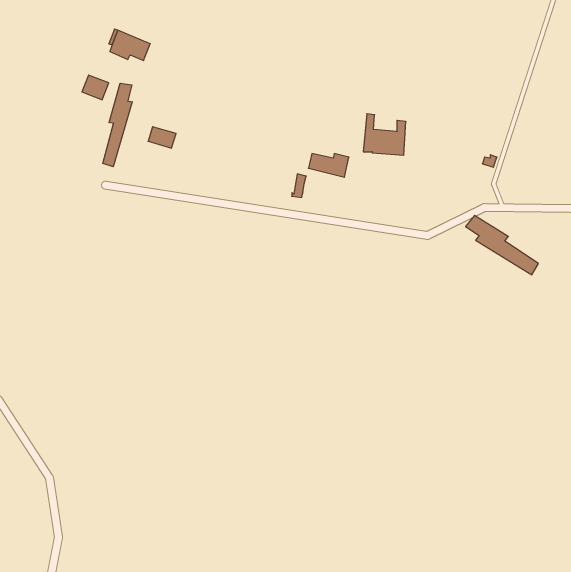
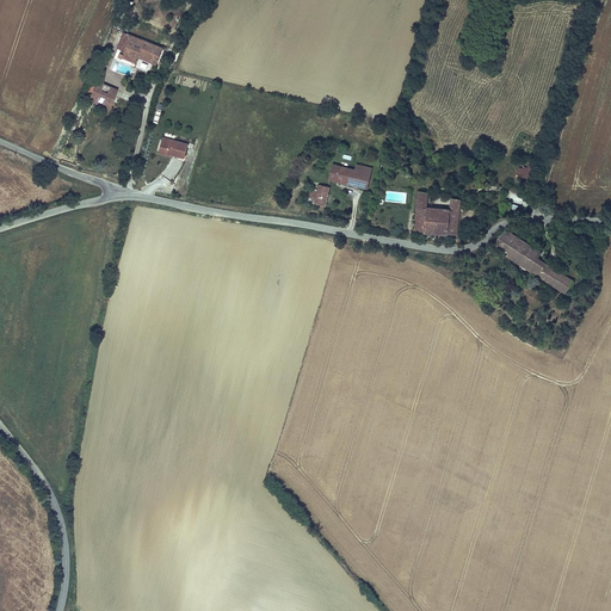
building: [103,83,132,167] -> none
building: [363,114,406,155] -> [414,191,459,235]

